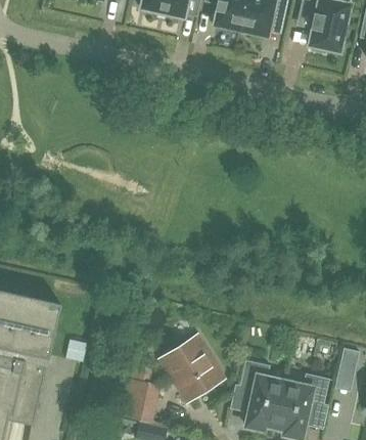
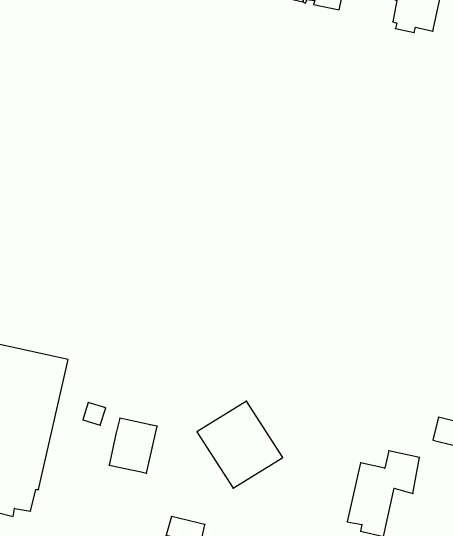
building: [240,360,284,430] -> none
building: [124,381,161,423] -> [109,418,157,473]

